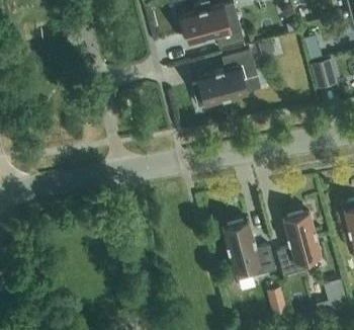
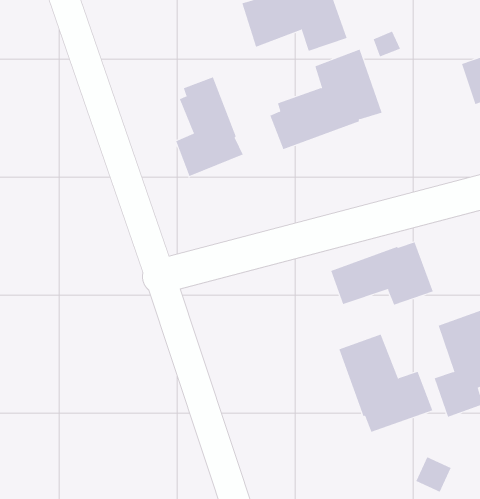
building: none -> [175,77,243,177]
building: none -> [330,242,433,305]

